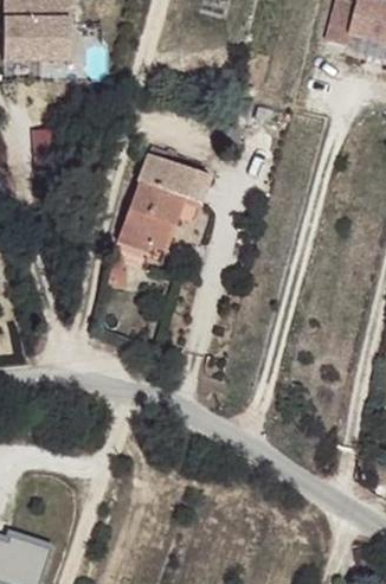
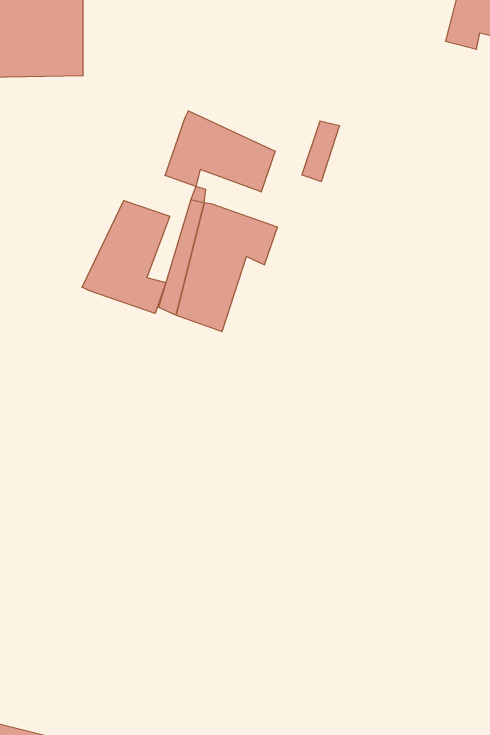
building: none -> [165,111,275,192]
building: none -> [82,201,170,313]

